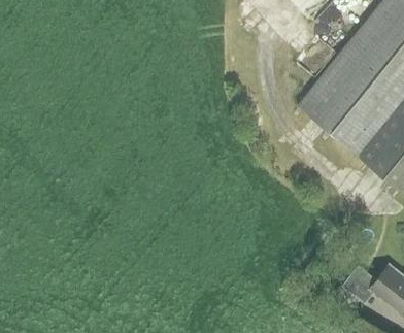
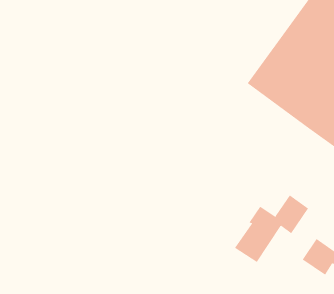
building: none -> [234,195,309,263]

